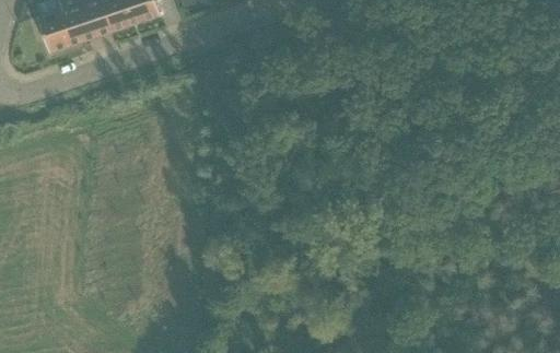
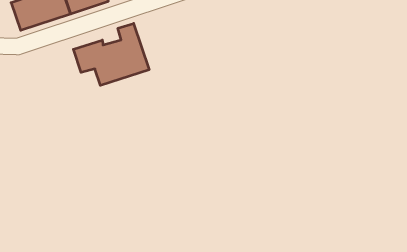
building: none -> [73,23,149,85]

